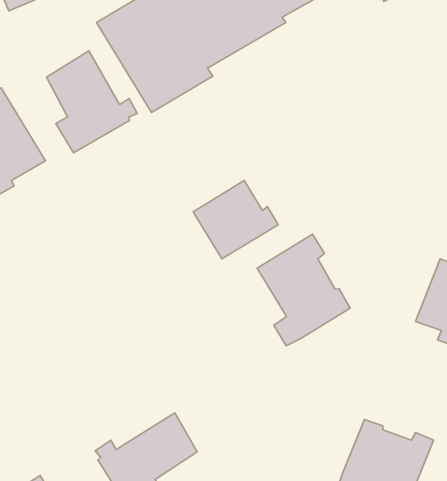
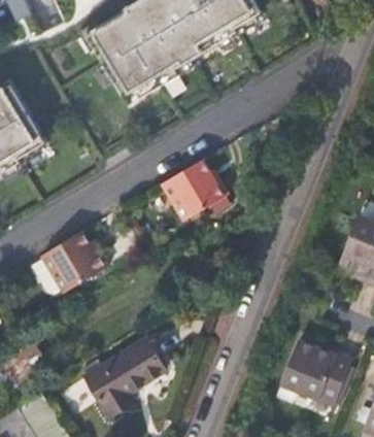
building: [47,51,137,153] -> none
building: [257,234,350,346] -> none
building: none -> [32,229,109,290]

